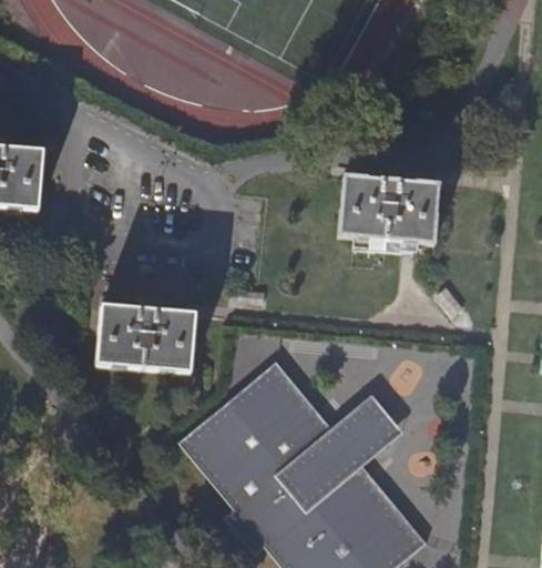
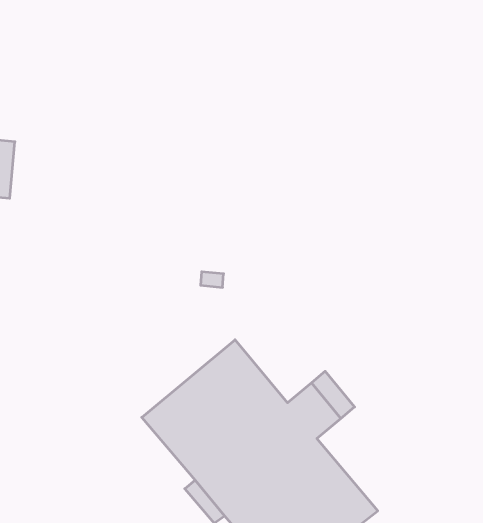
building: [338,178,438,253] -> none
building: [95,306,195,374] -> none

